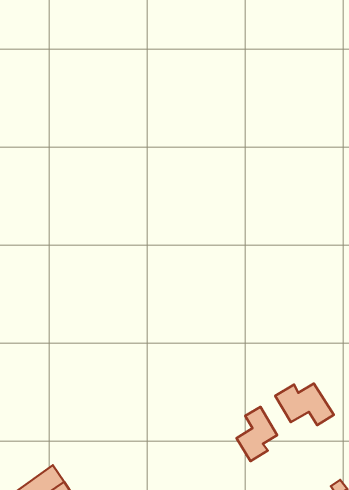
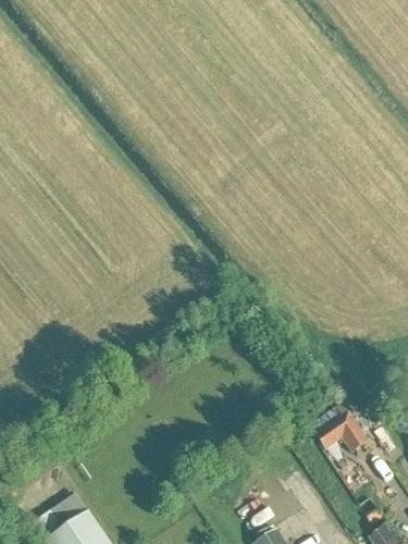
building: [236,407,277,461] -> none

